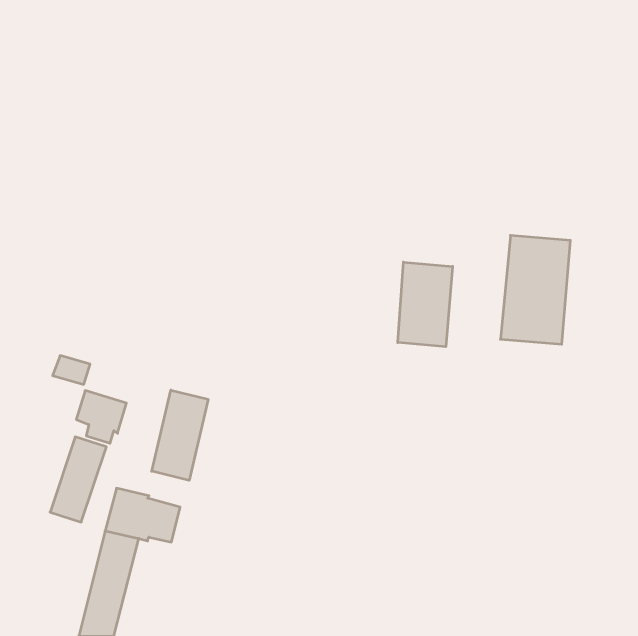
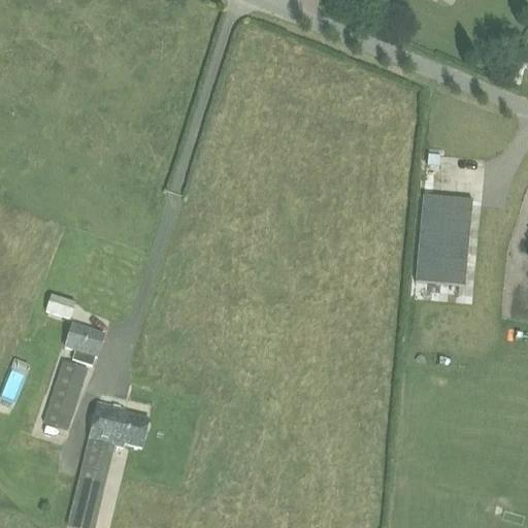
building: [398,262,453,347] -> none
building: [152,390,208,480] -> none

